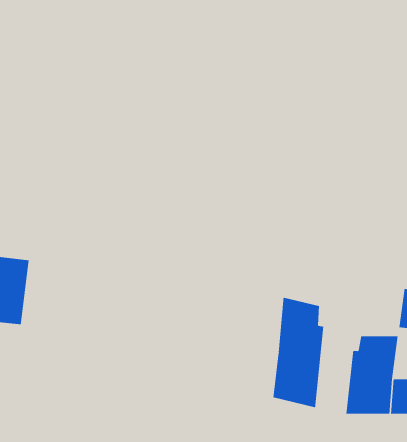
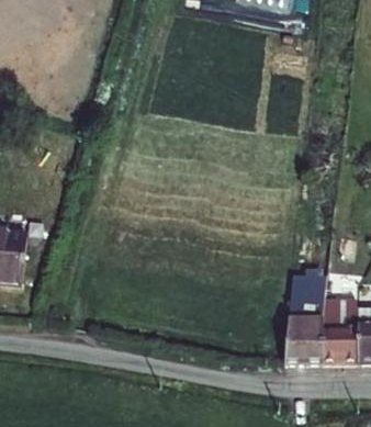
building: [273,297,324,408] -> none

